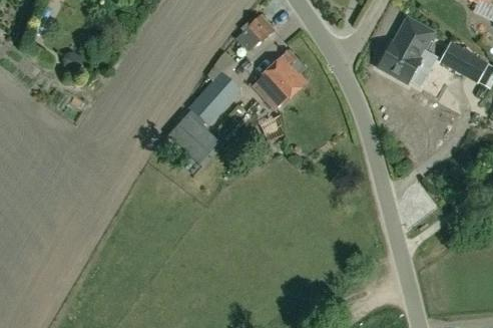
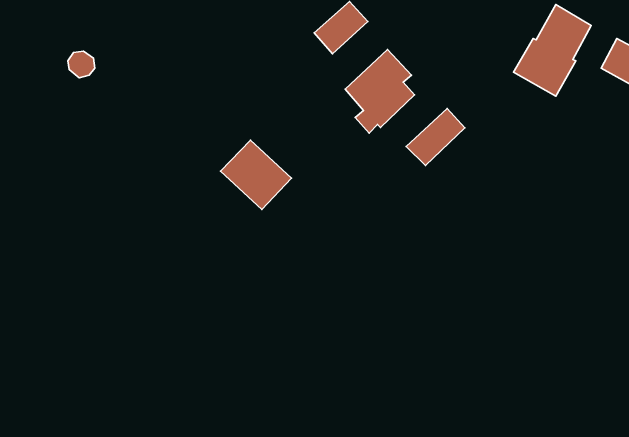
building: [188,71,241,126] -> none
building: none -> [406,108,465,166]

